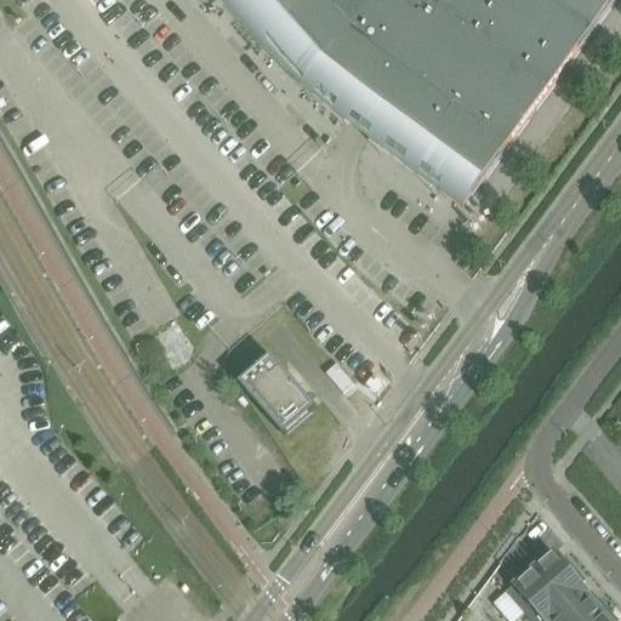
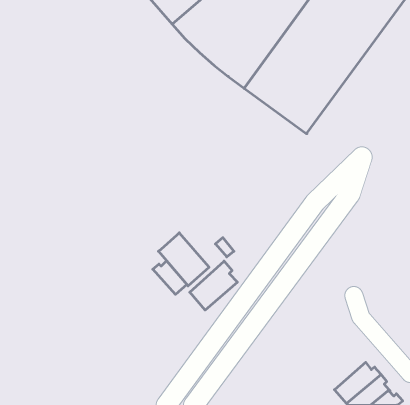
building: none -> [153,261,187,294]
building: none -> [190,261,237,310]

